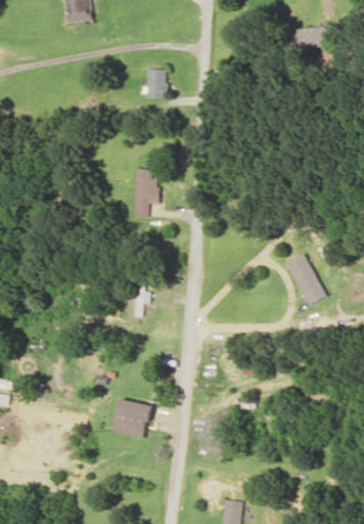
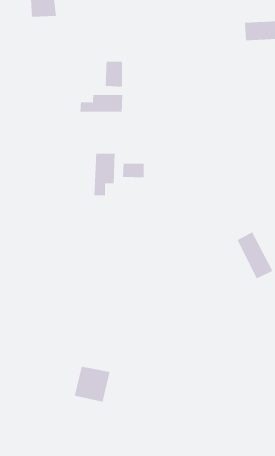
building: none -> [80,94,123,113]
building: none -> [122,163,144,178]
building: [130,280,149,316] -> none

